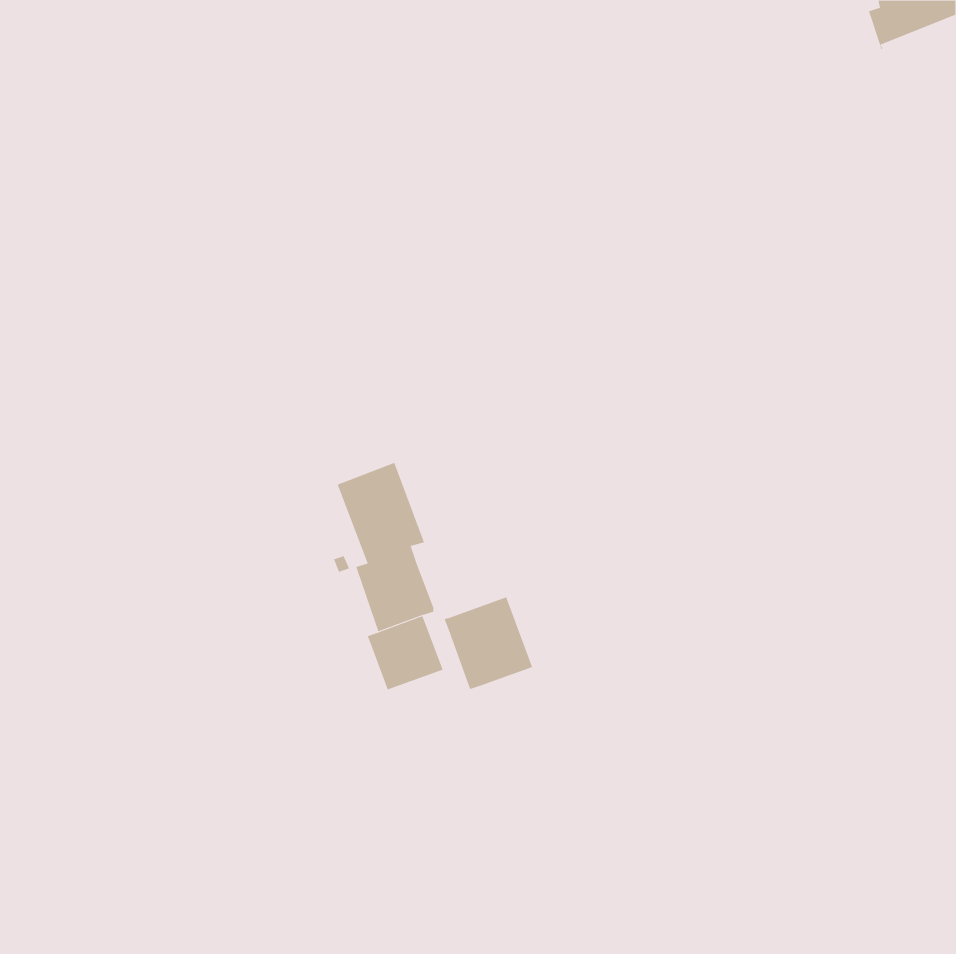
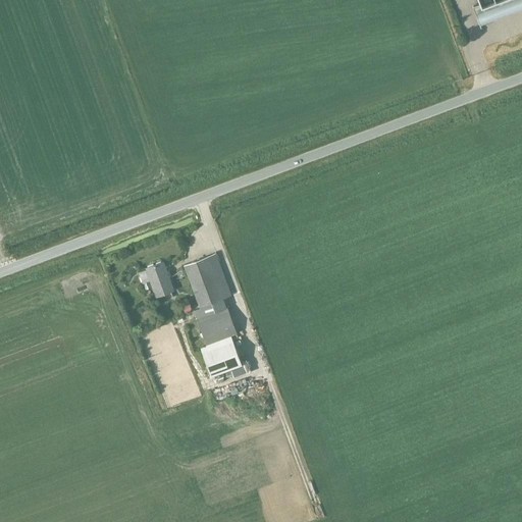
building: none -> [146,262,174,298]
building: [444,596,533,690] -> none

